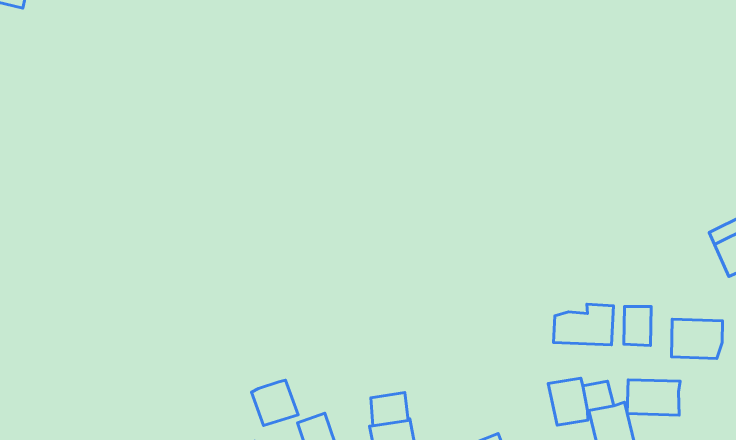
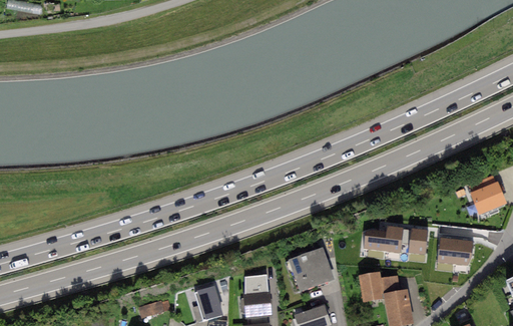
building: none -> [288,248,333,291]
building: [627,380,680,415] -> none
building: [252,380,298,426] -> none

